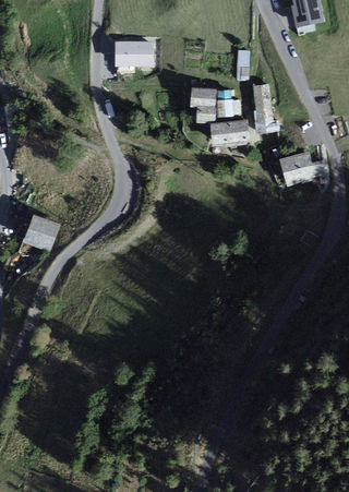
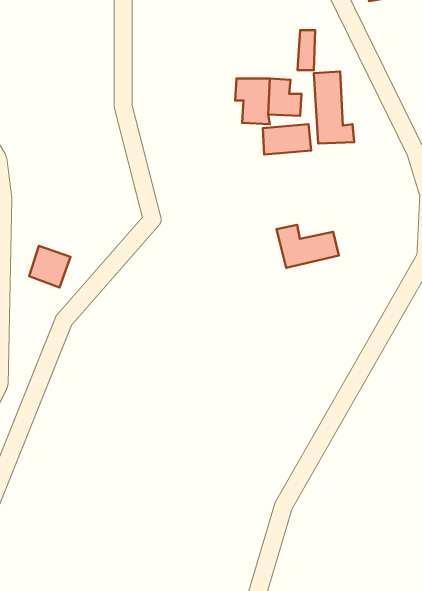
building: [115,44,151,65] -> none
building: [278,153,327,187] -> [276,225,339,268]

